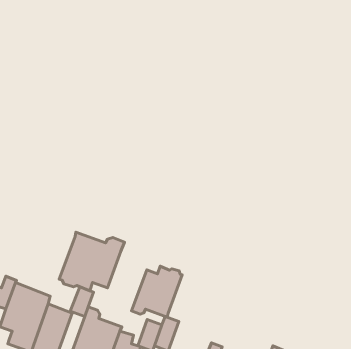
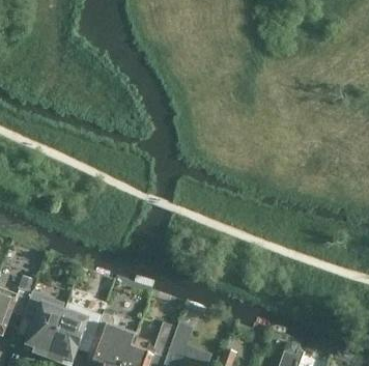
building: [59,232,125,291] -> none
building: [131,266,182,317] -> none

